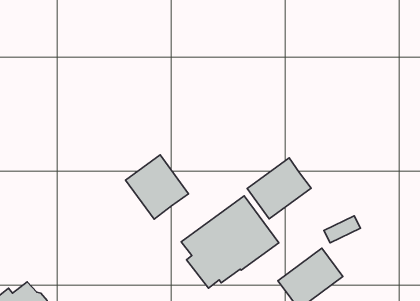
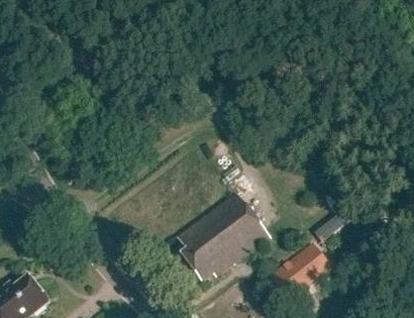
building: [126,155,189,219] -> none
building: [247,158,311,219] -> none

